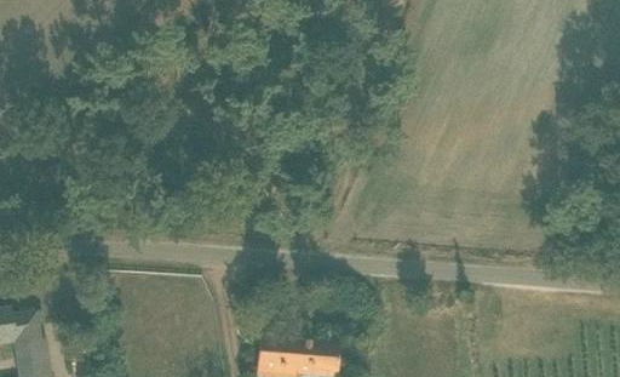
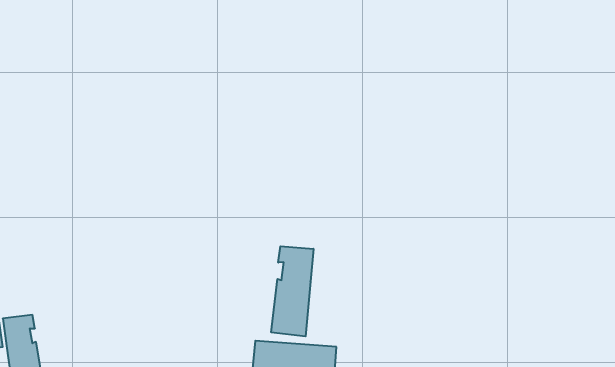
building: none -> [271,246,313,336]

